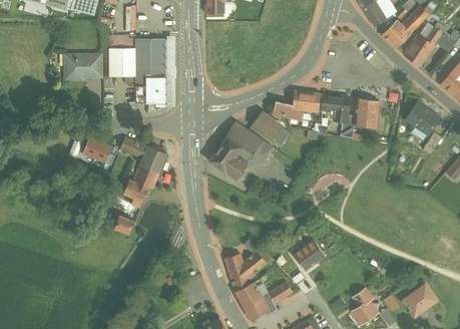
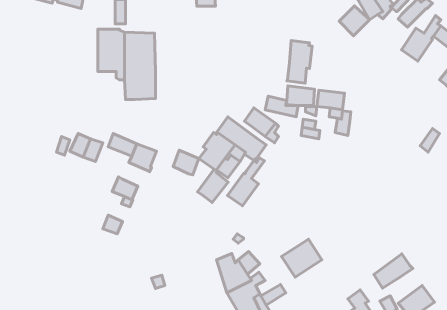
building: [381,20,410,49] -> [339,6,369,36]
building: none -> [287,41,312,83]
building: [65,55,100,79] -> none
building: [354,98,379,127] -> none
building: [406,103,438,134] -> none
building: none -> [228,158,265,206]
building: [133,164,158,189] -> [173,150,199,175]
building: none -> [197,169,228,202]
building: none -> [374,254,413,288]

